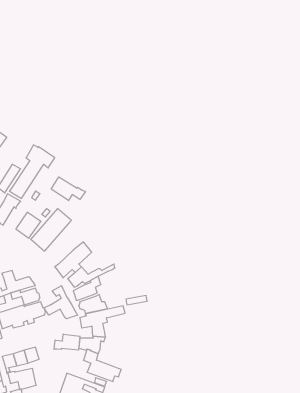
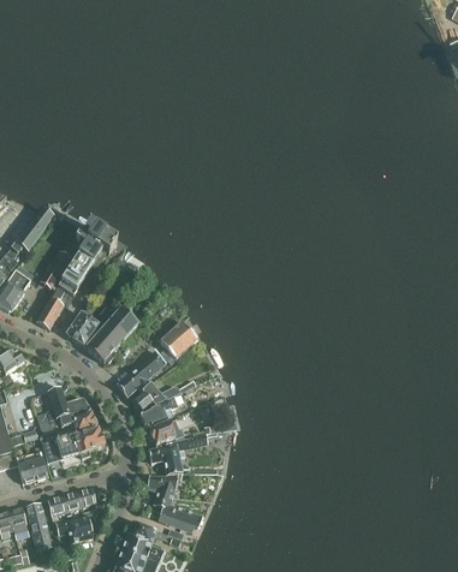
building: [51,177,85,201] -> none
building: none -> [160,321,197,363]
building: [44,286,78,319] -> none
building: [54,334,80,350] -> none

